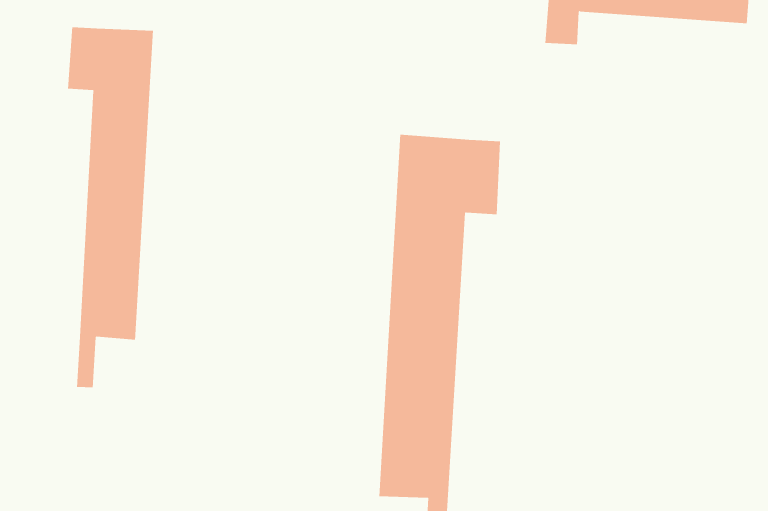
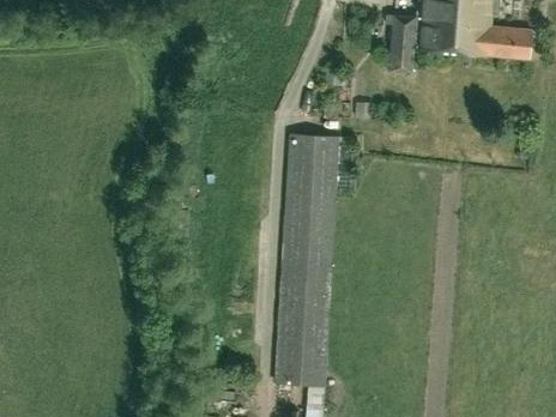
building: [68,26,153,388] -> none

